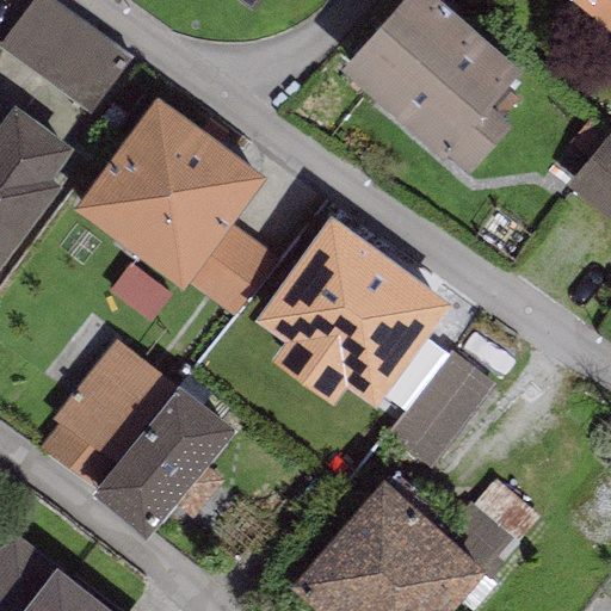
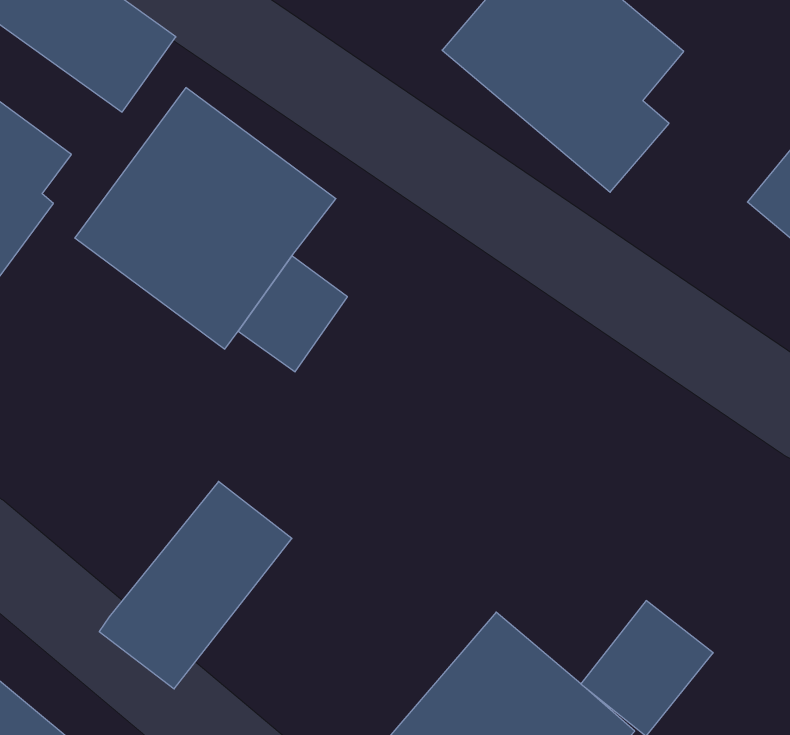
building: [259,222,444,403] -> none
building: [41,335,179,487] -> none
building: [390,344,493,456] -> none

